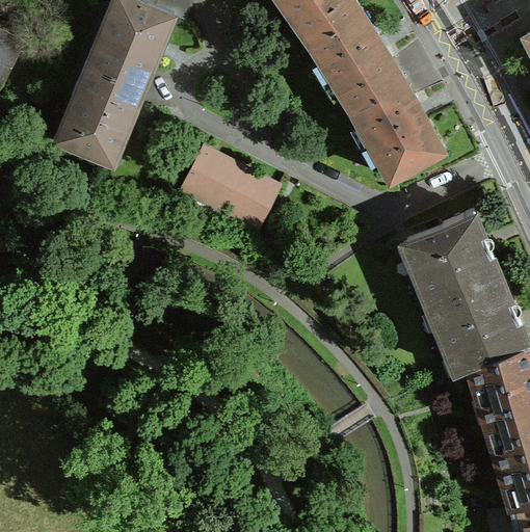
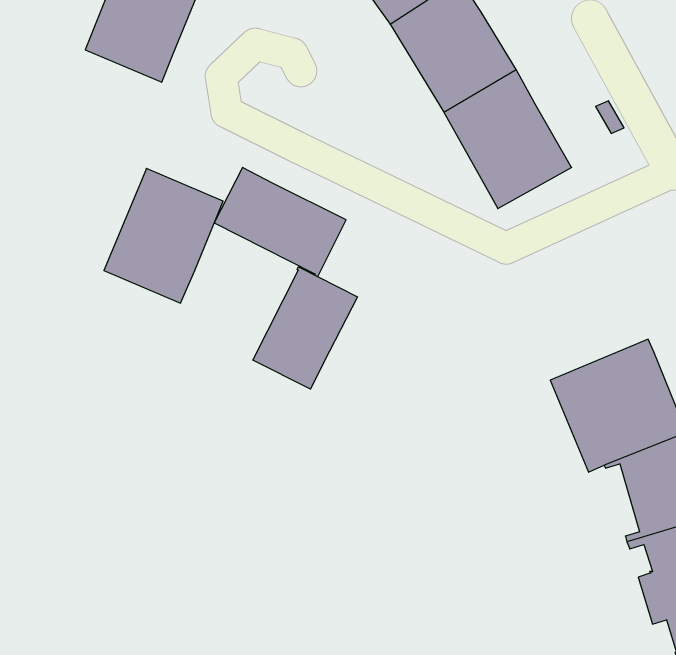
building: [54,64,141,163] -> [104,168,223,303]
building: [404,212,498,307] -> none
building: none -> [253,267,357,389]

